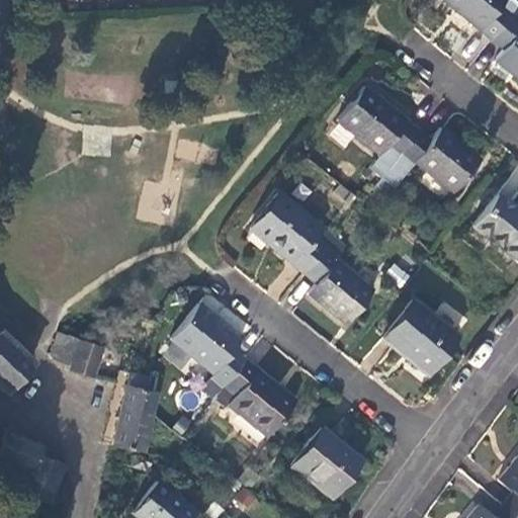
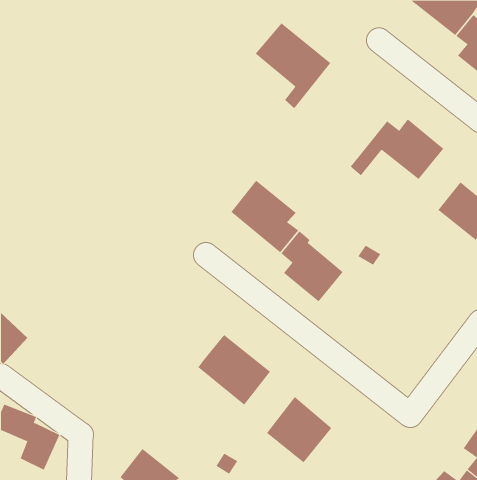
building: [338,87,420,180] -> [255,23,331,109]
building: [384,304,456,374] -> none
building: [171,306,245,387] -> none
building: [51,336,101,377] -> none
building: [113,372,156,451] -> none

